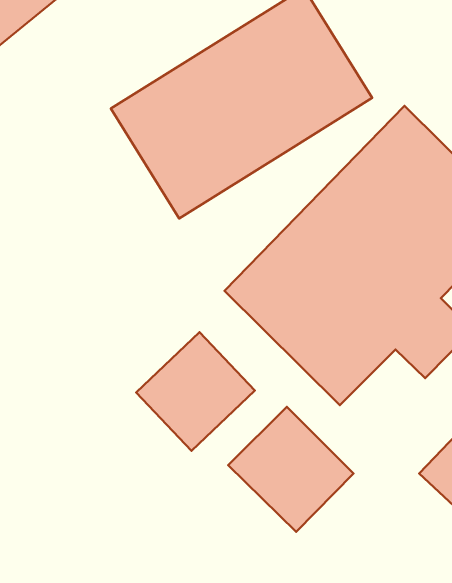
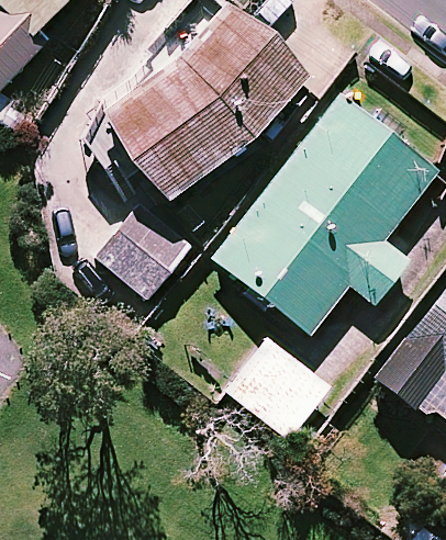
building: [136,332,255,451] -> [100,204,193,299]

